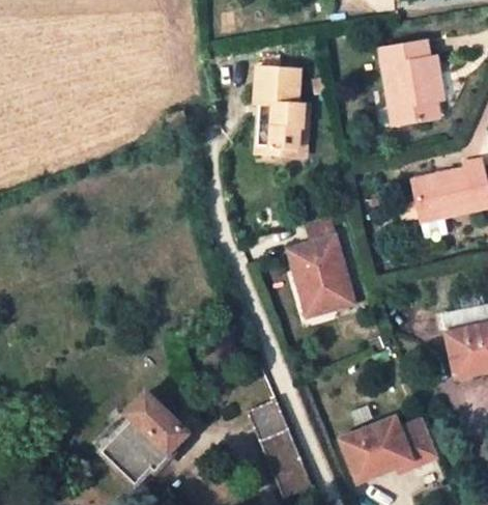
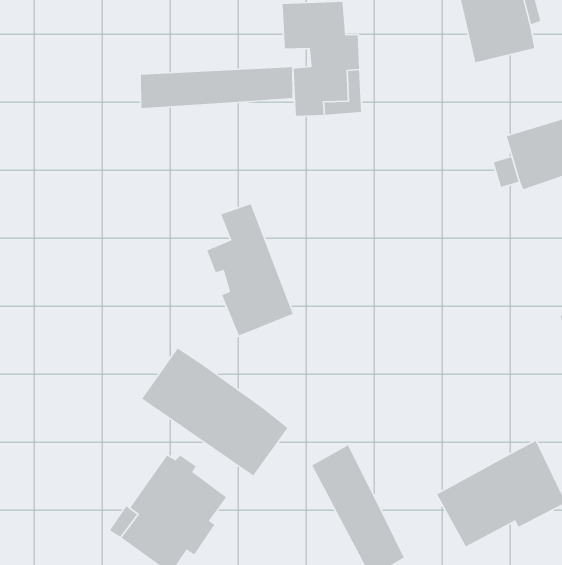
building: none -> [140,67,293,109]
building: [293,216,354,314] -> [206,203,294,337]
building: none -> [141,348,289,476]

